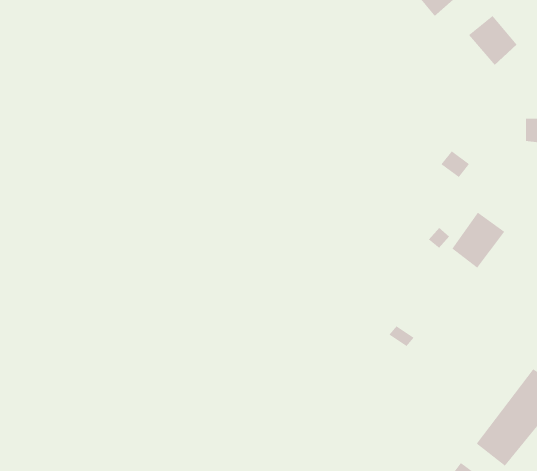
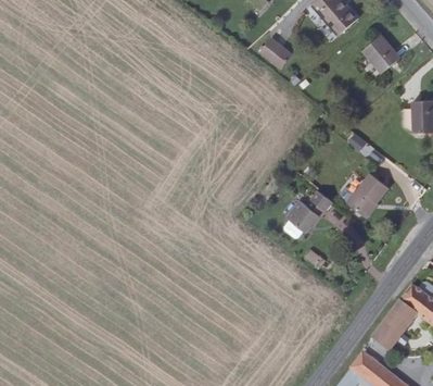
building: none -> [264,37,295,66]
building: none -> [284,195,332,240]

